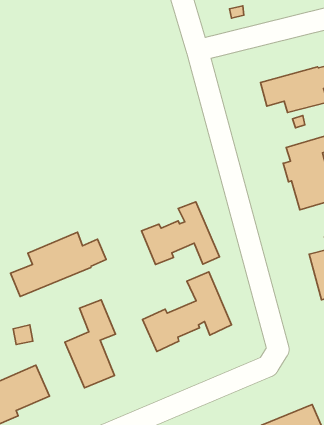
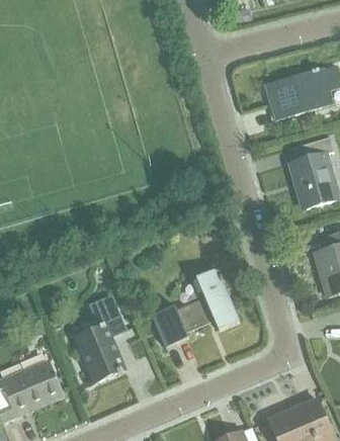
building: [141,202,220,265] -> none
building: [10,232,106,297] -> none

